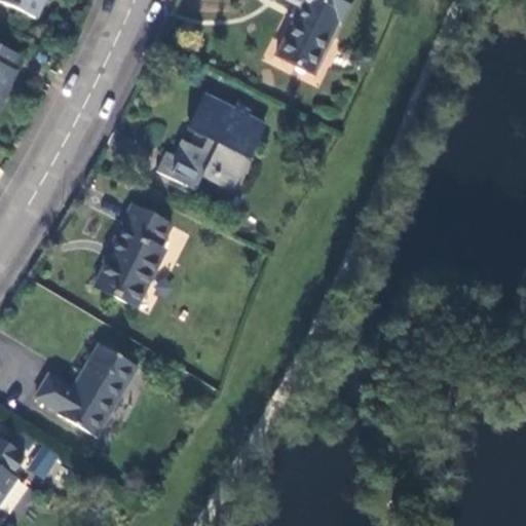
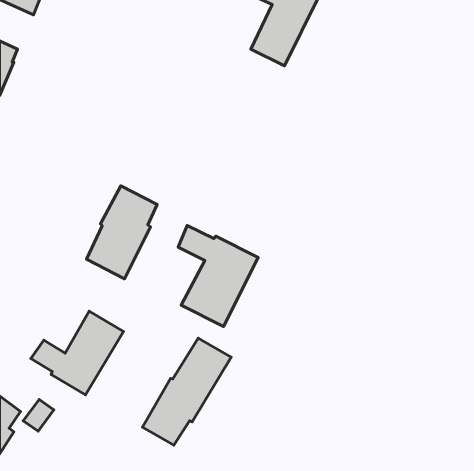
building: [156,93,262,187] -> none
building: none -> [178,225,258,327]
building: none -> [142,338,231,445]

